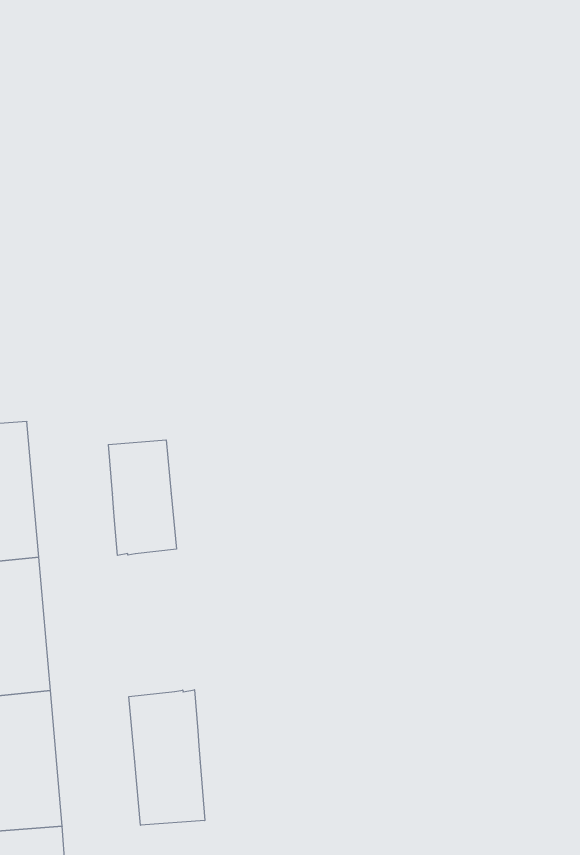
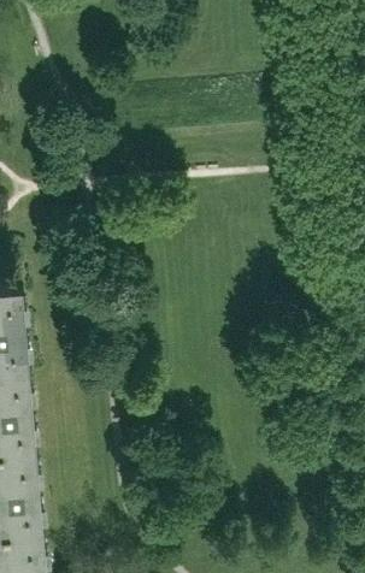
building: [108,440,176,555] -> none
building: [129,690,205,825] -> none

